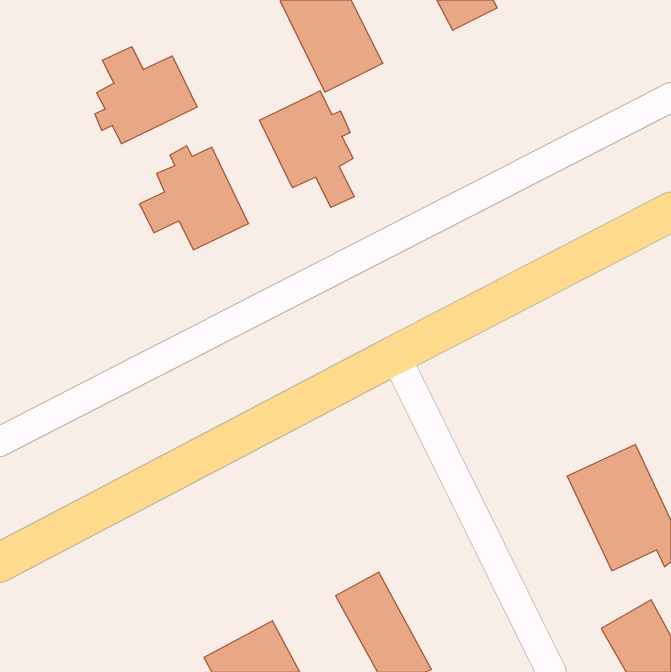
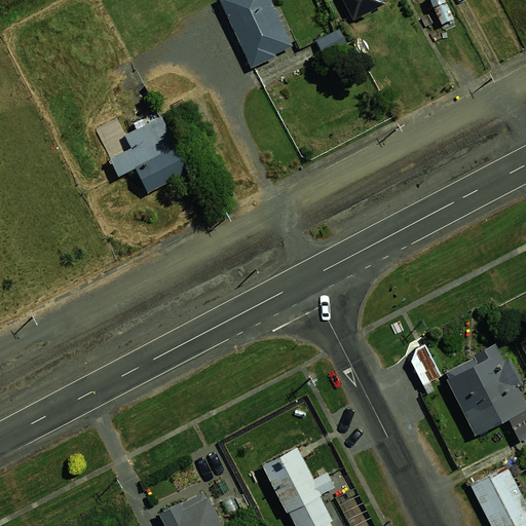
building: [95,47,197,144] -> none
building: [259,91,354,208] -> none

